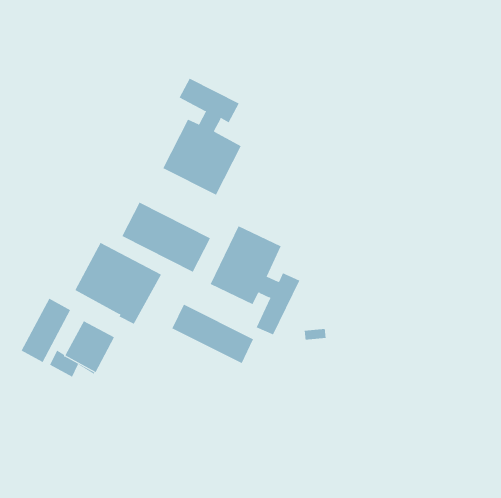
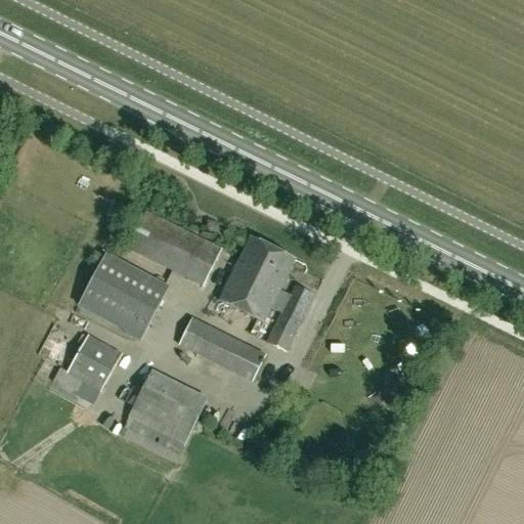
building: [163,78,241,195] -> none
building: [21,298,71,363] -> none
building: none -> [120,370,206,463]

